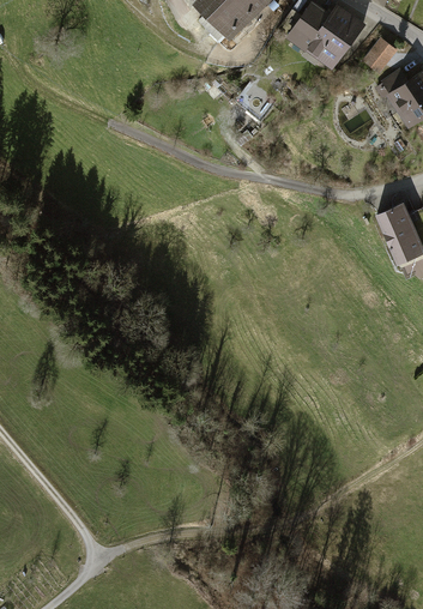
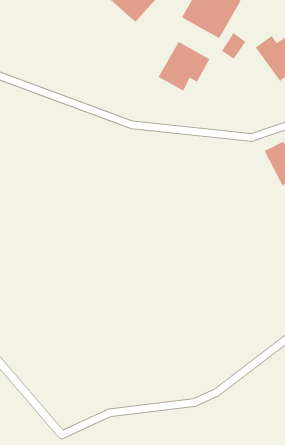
building: [361,40,393,74] -> [221,32,246,59]
building: none -> [158,41,210,92]

